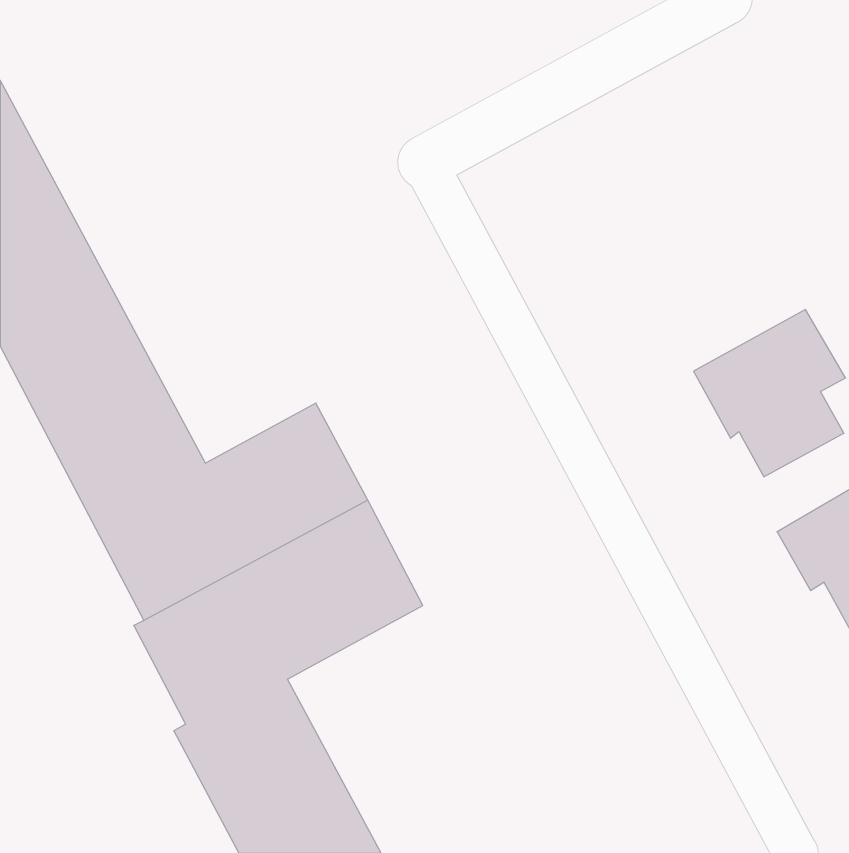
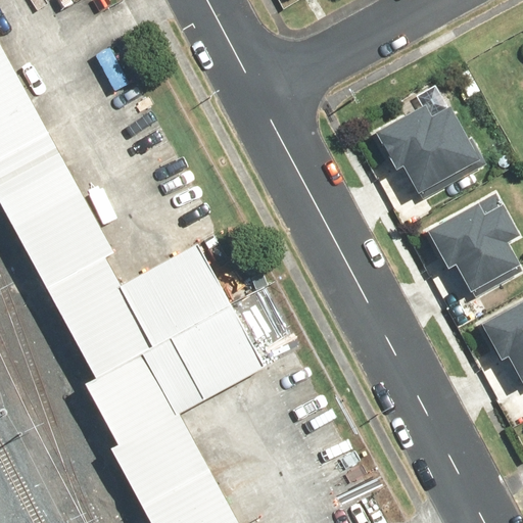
building: none -> [374,100,489,200]

